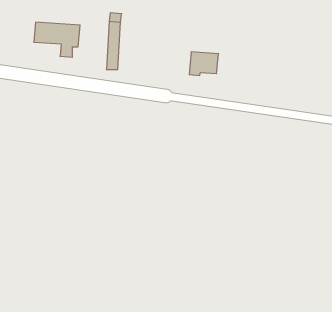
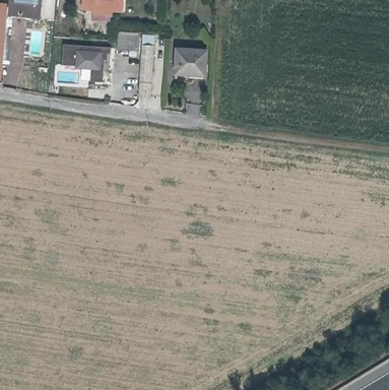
building: none -> [117,31,139,50]
building: [189,52,219,75] -> [175,50,206,75]

